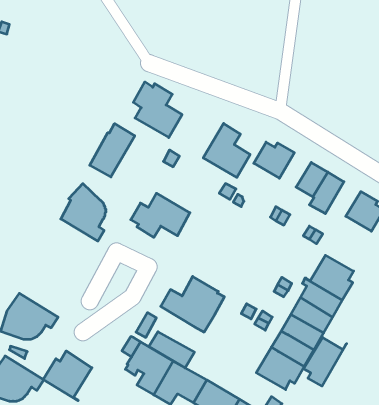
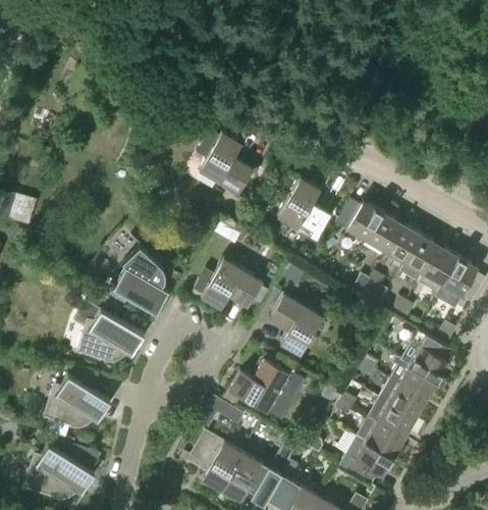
building: [90,124,135,177] -> none
building: none -> [366,212,402,252]
building: none -> [419,246,459,294]
building: none -> [269,295,324,356]
building: none -> [78,309,145,362]
building: [149,332,194,368] -> none
building: [304,337,347,386] -> none
building: [43,351,92,401] -> none

